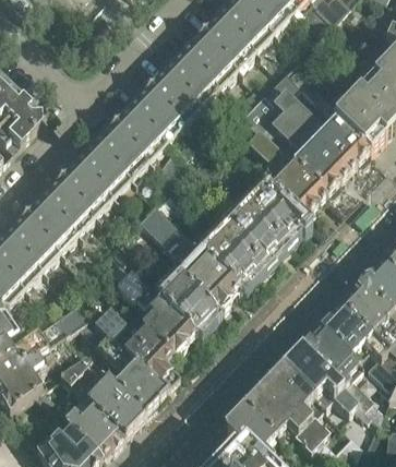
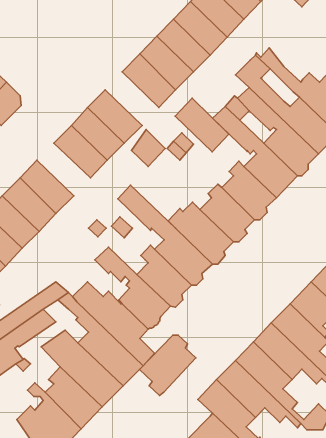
building: [128,85,183,141] -> [175,98,229,152]
building: [57,159,112,214] -> none
building: none -> [140,335,196,396]

